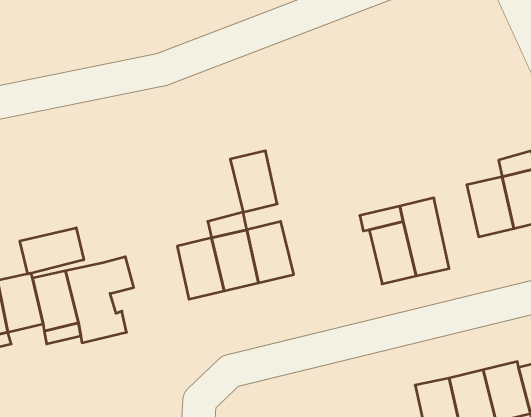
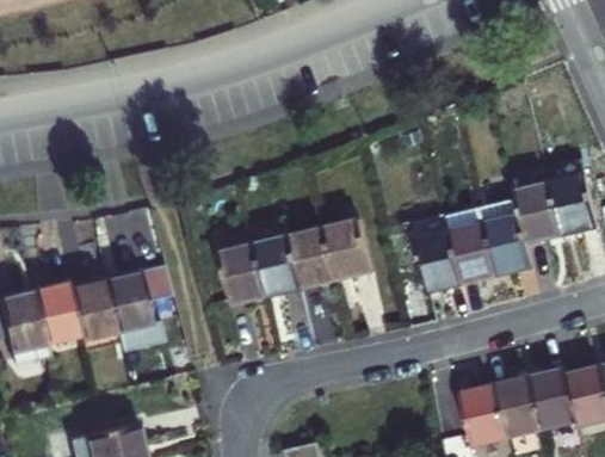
building: [230,151,277,212] -> [325,218,372,280]
building: none -> [480,194,530,274]
building: [20,228,84,274] -> none

